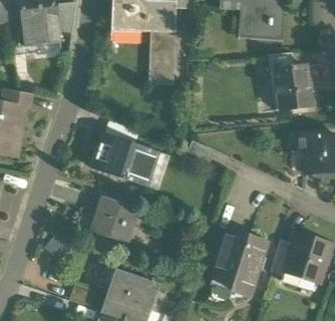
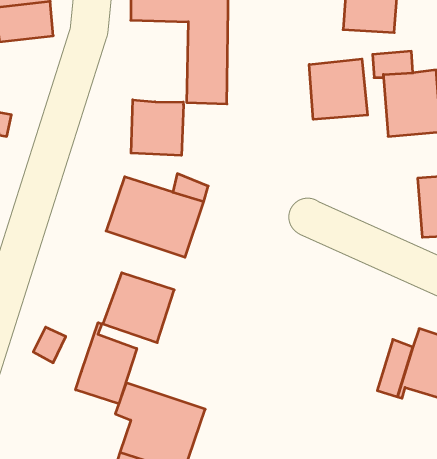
building: none -> [309,59,368,119]
building: none -> [131,100,183,155]
building: none -> [76,323,137,404]
building: [211,229,267,296] -> none

